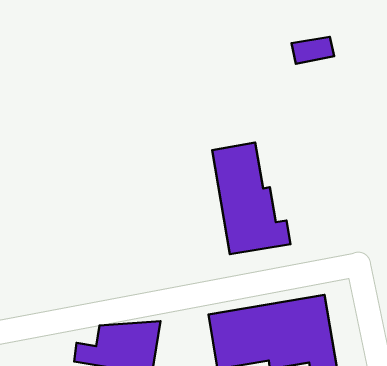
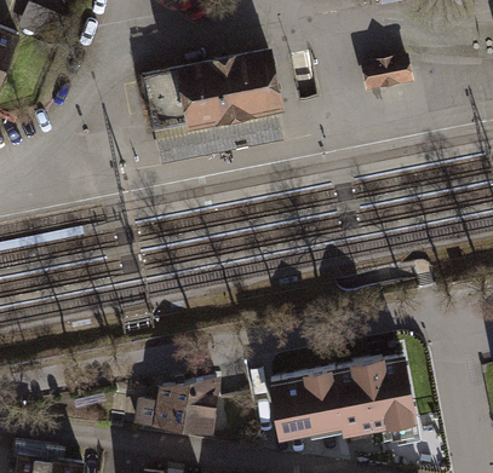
building: none -> [143,59,281,138]
building: [212,142,290,254] -> none

